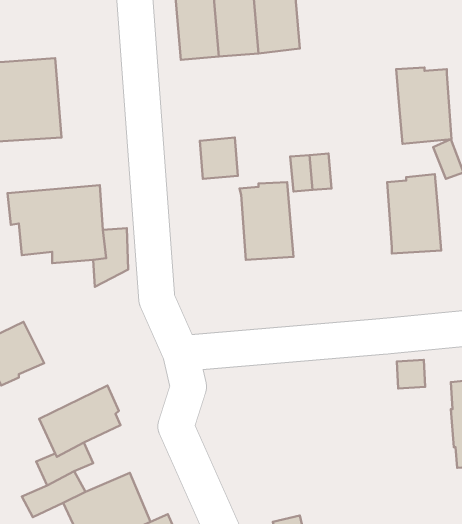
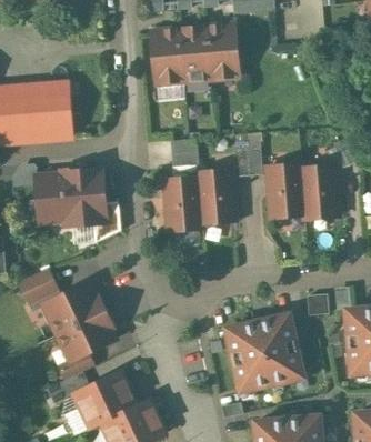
building: [396,68,452,144] -> [265,164,304,218]
building: none -> [162,177,203,232]
building: none -> [43,282,106,334]
building: none -> [225,313,301,388]

